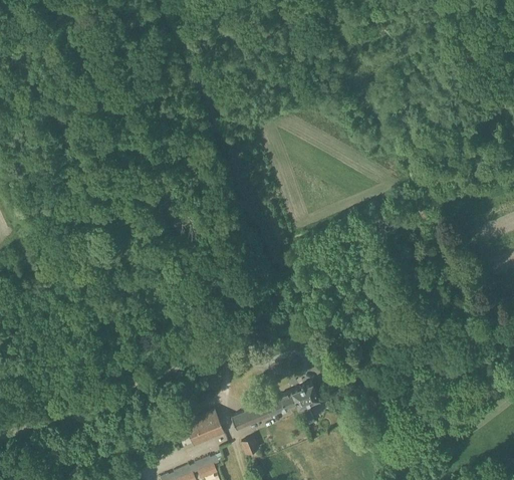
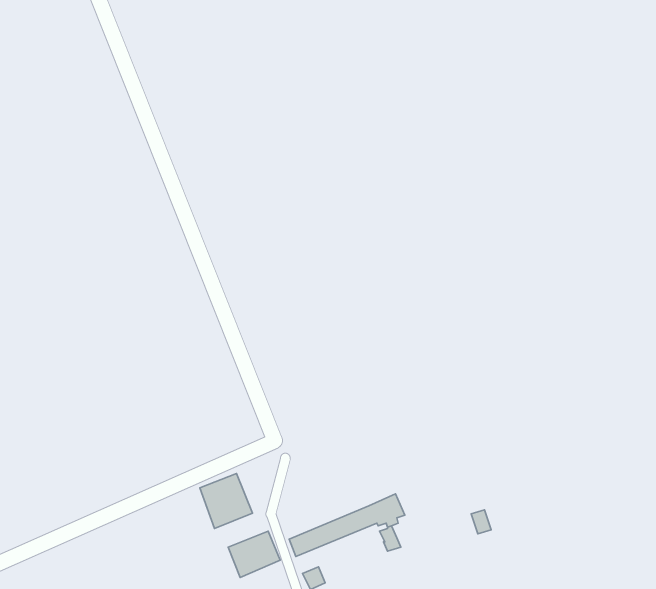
building: none -> [200,473,252,528]

